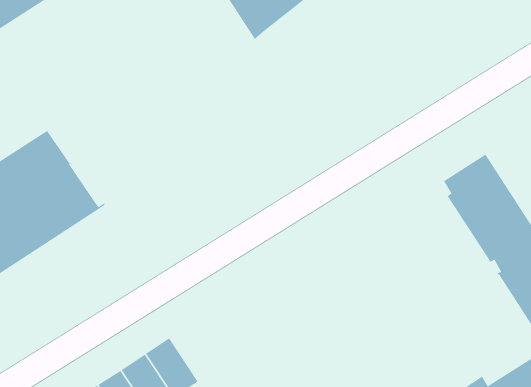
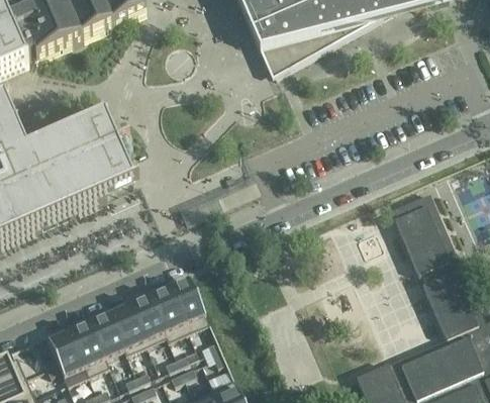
building: none -> [170,277,206,321]

